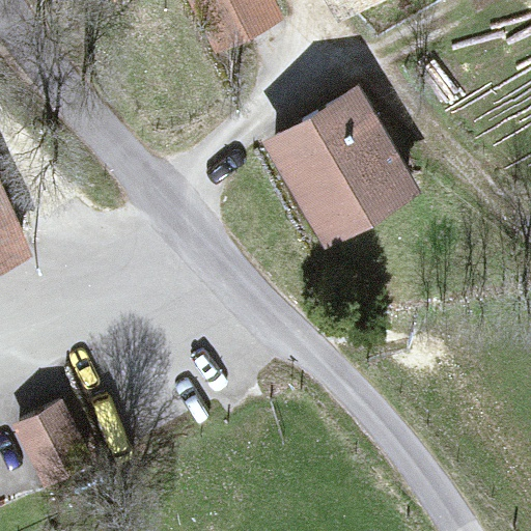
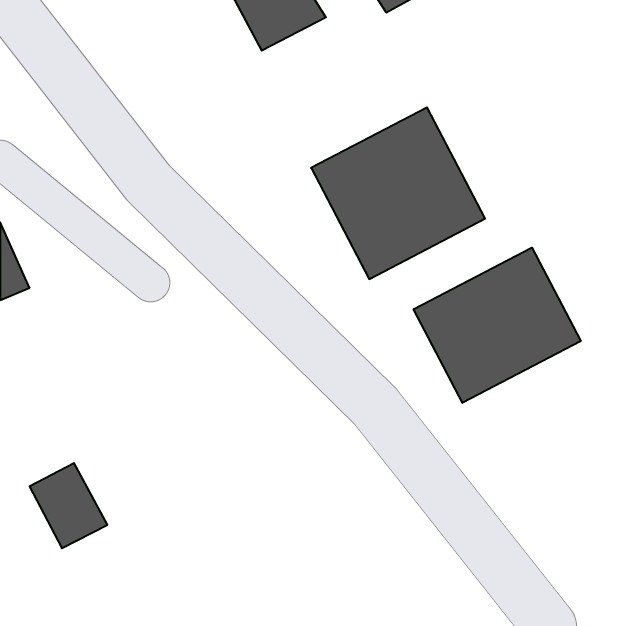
building: none -> [414,248,581,403]

